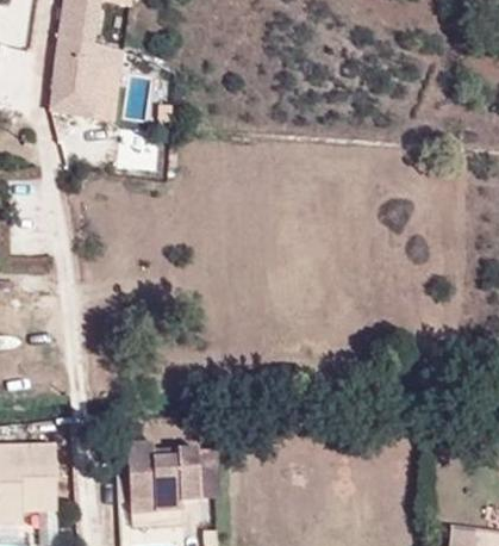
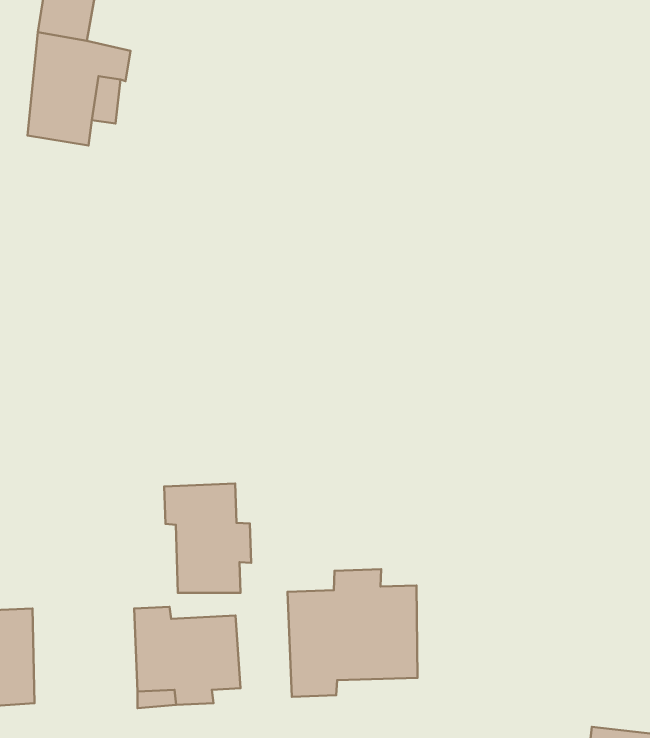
building: none -> [164,483,251,593]
building: none -> [287,569,417,697]

